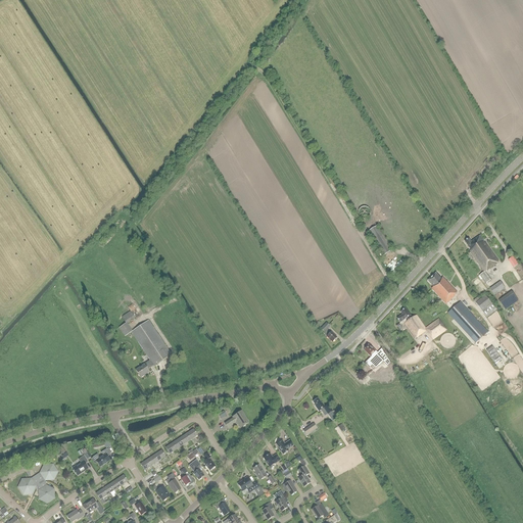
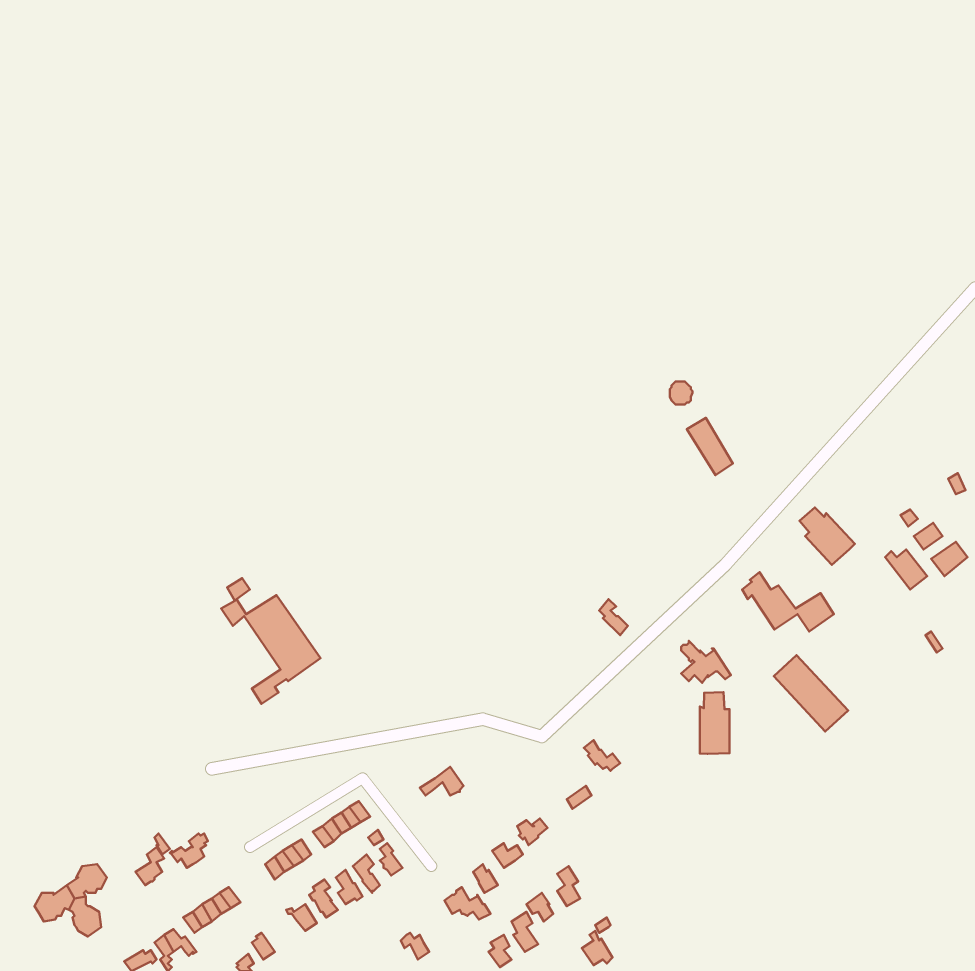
building: [465,234,498,270] -> none
building: [447,300,487,341] -> [774,655,848,732]
building: none -> [700,692,730,754]

